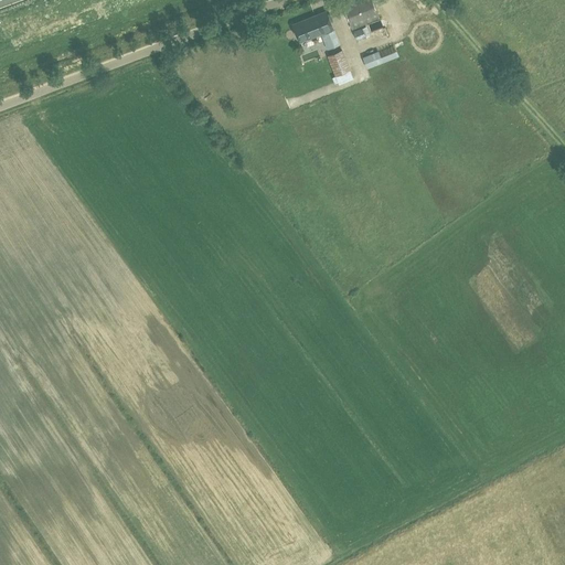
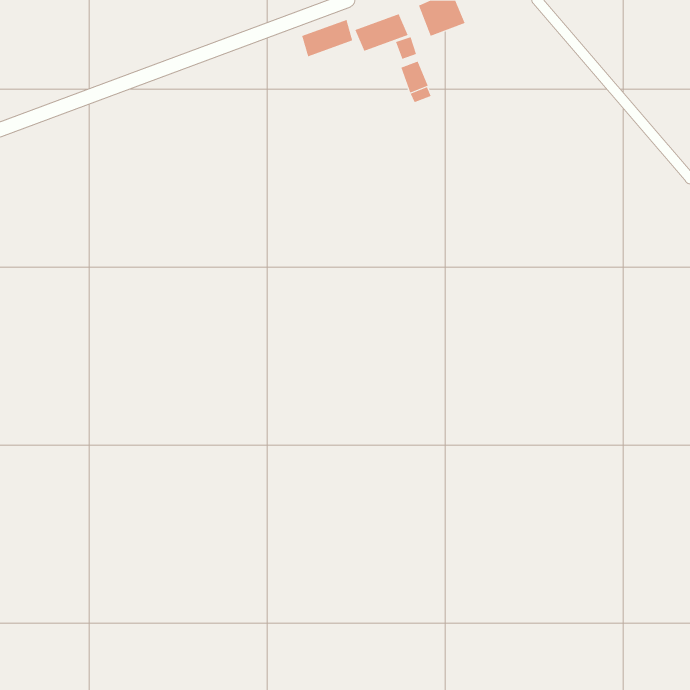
building: none -> [302,19,353,57]

